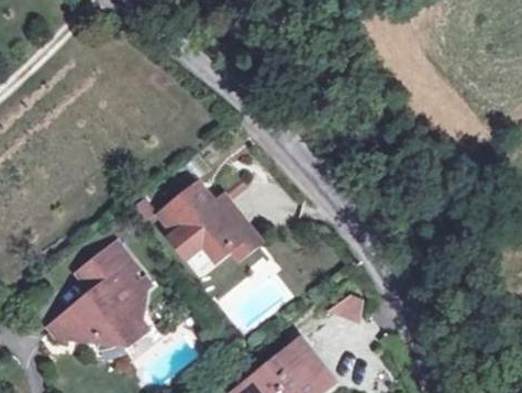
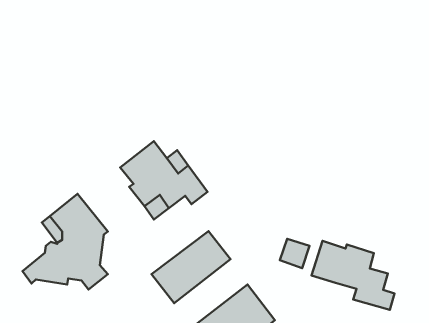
building: none -> [152,231,230,303]
building: none -> [311,241,394,310]

